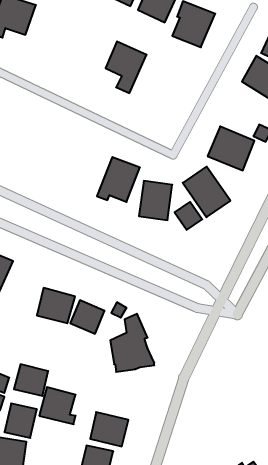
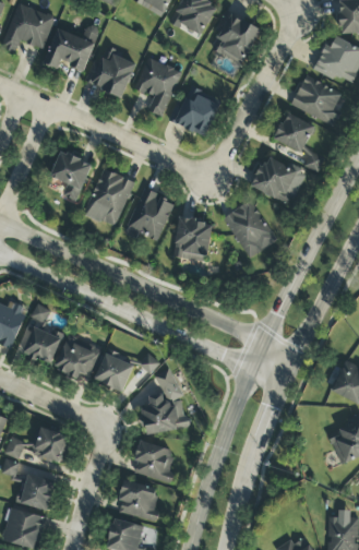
building: none -> [44,27,95,70]
building: none -> [86,53,136,97]
building: none -> [170,88,220,136]
building: none -> [275,112,314,152]
building: none -> [51,152,92,201]
building: none -> [84,168,134,227]
building: [175,202,202,230] -> none
building: none -> [23,303,63,364]
building: [39,387,76,424] -> [133,440,175,482]

